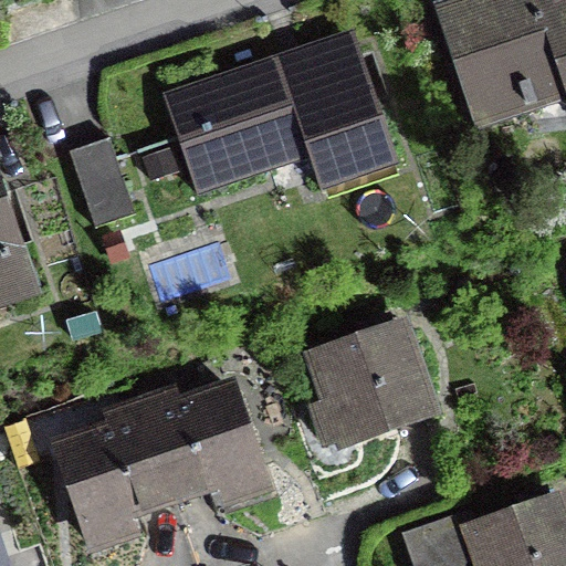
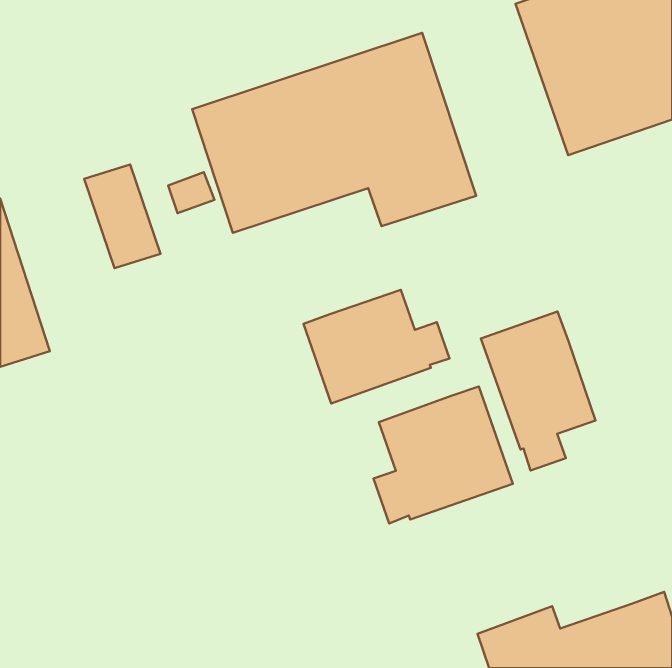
building: none -> [303,290,450,403]
building: none -> [481,311,596,471]
building: [61,385,255,524] -> none

